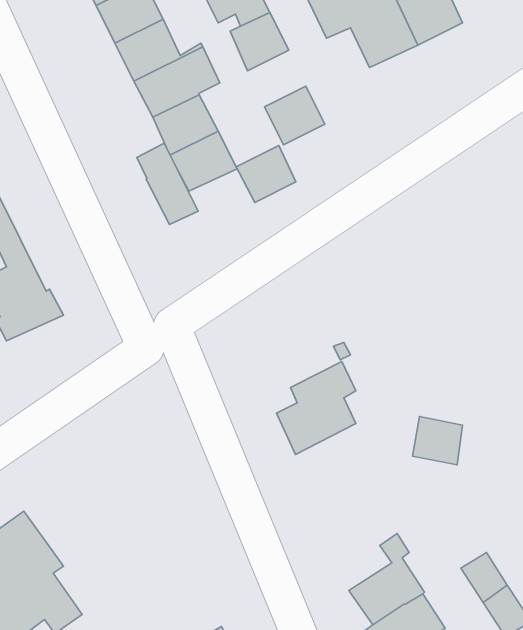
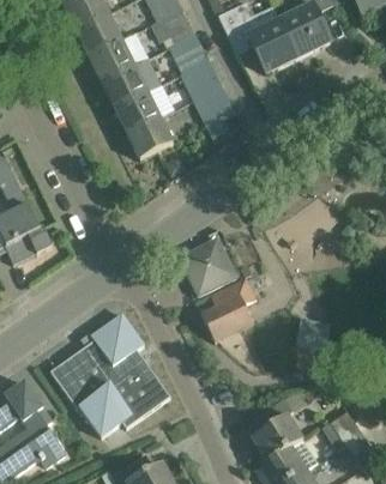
building: [137,143,198,225] -> none
building: [236,146,296,202] -> [179,59,221,98]
building: none -> [180,236,236,294]
building: none -> [49,311,169,434]

